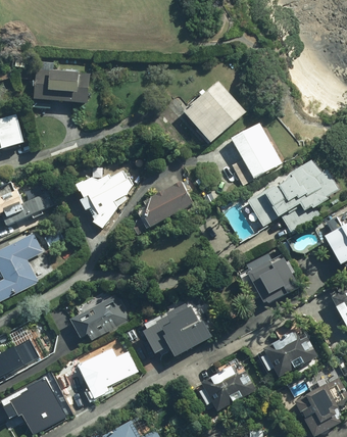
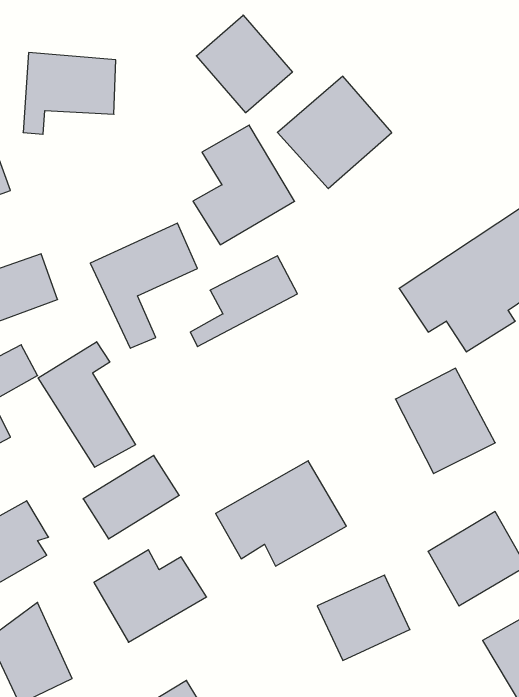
building: none -> [196,15,292,113]
building: [225,123,282,190] -> [193,125,295,245]
building: none -> [38,342,136,467]

